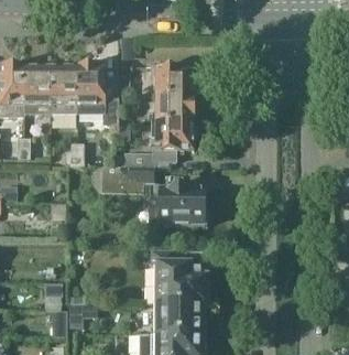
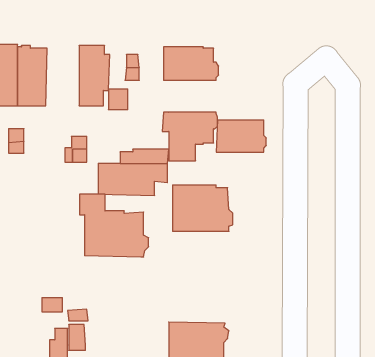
building: [50,64,78,116] -> none
building: [155,94,198,121] -> [216,120,266,152]
building: [151,249,210,303] -> [80,194,149,257]

